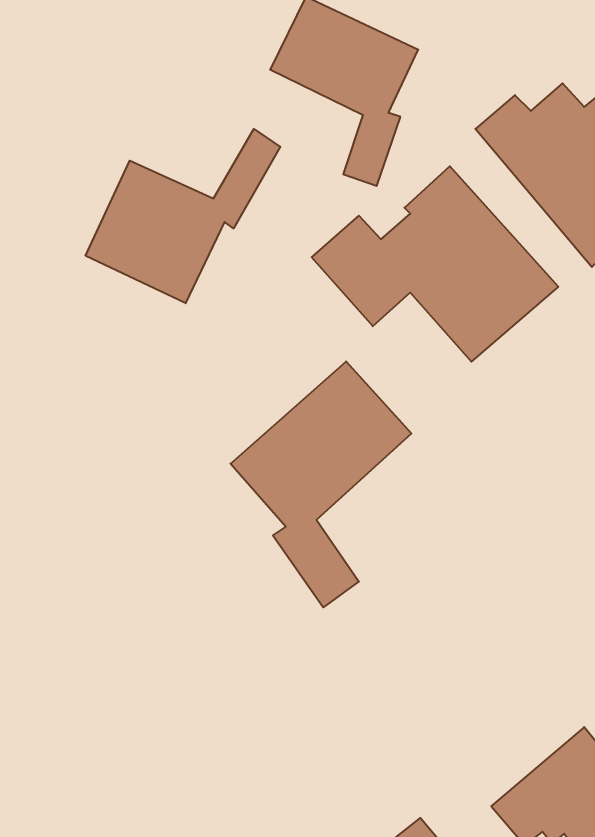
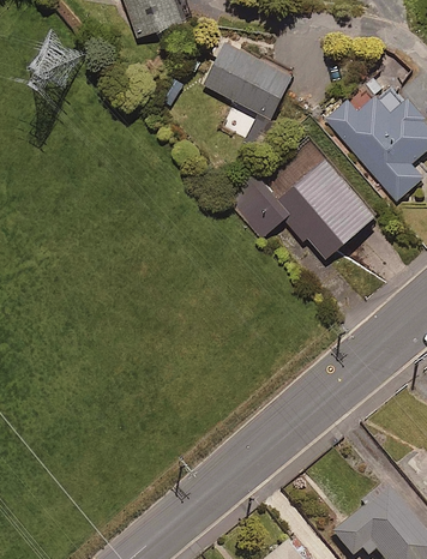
building: [86,129,280,303] -> none
building: [230,361,411,607] -> none

